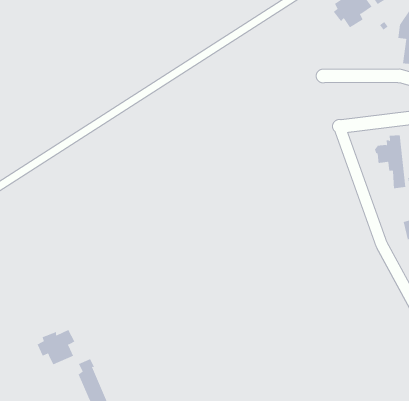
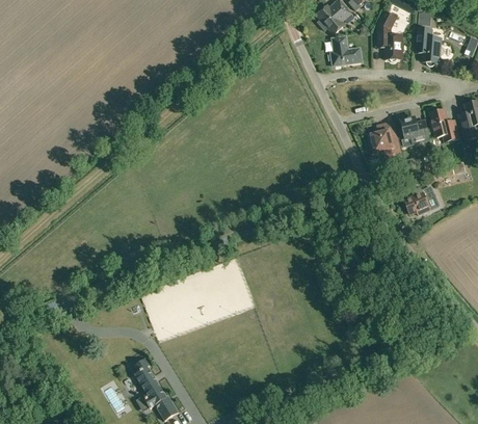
building: none -> [330,36,362,65]
building: [37,329,75,365] -> none

